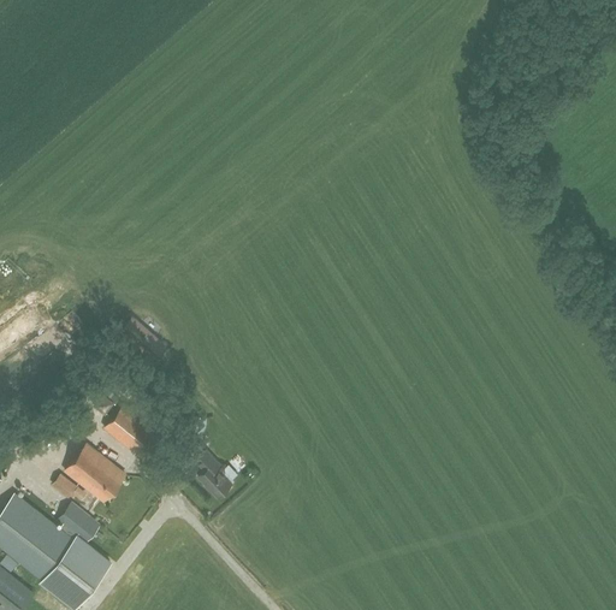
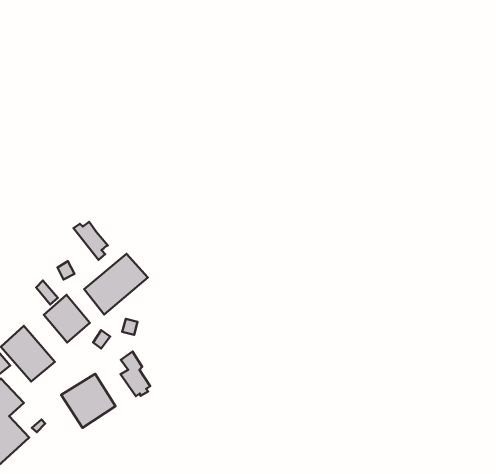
building: none -> [84,254,148,314]
building: none -> [61,374,115,428]

